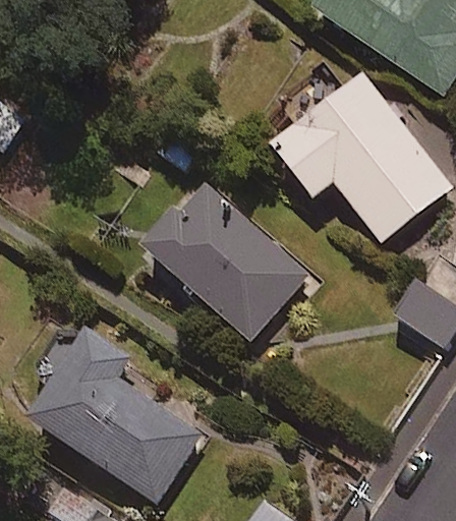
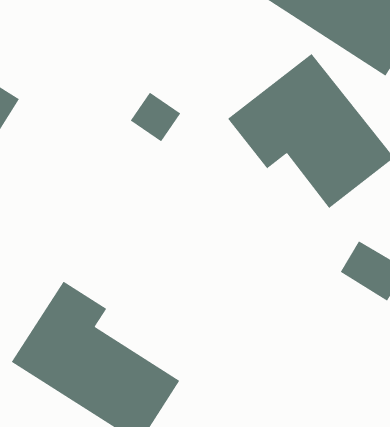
building: [135,180,317,348] -> none

